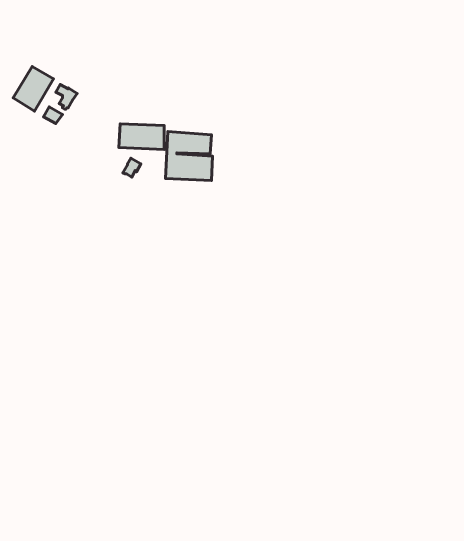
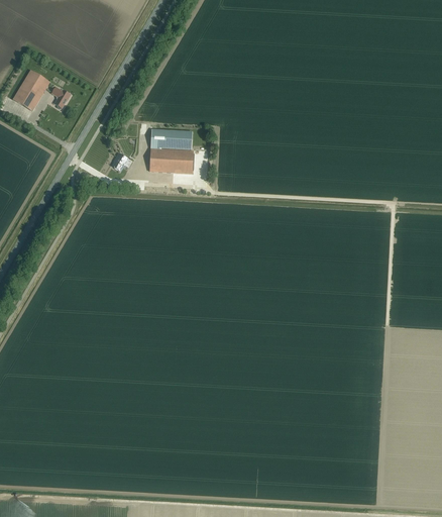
building: [119,124,164,150] -> none

